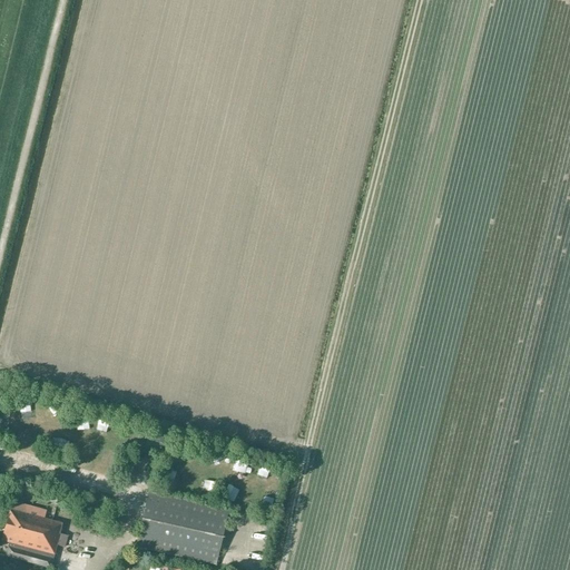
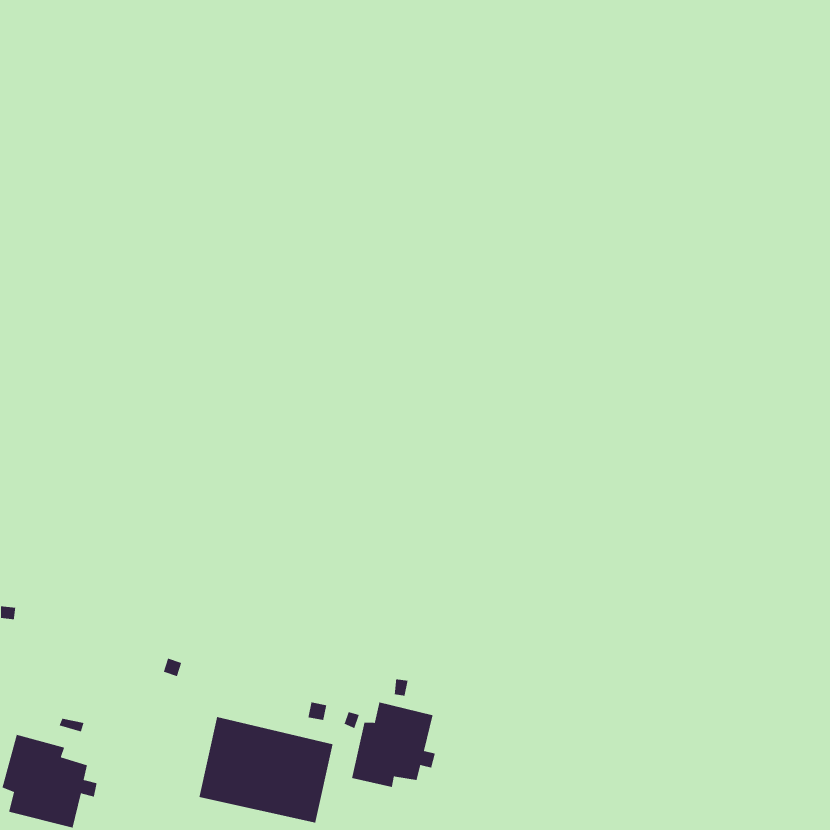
building: none -> [351,702,436,788]

